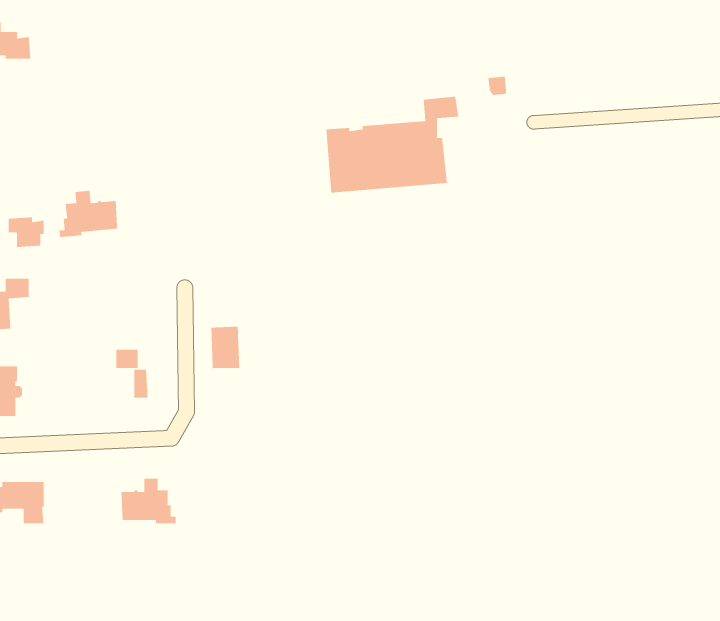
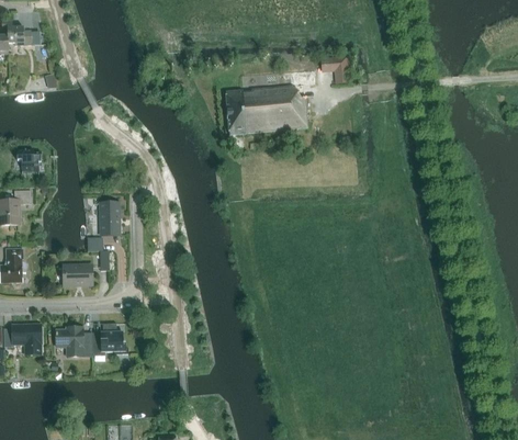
building: [59,190,118,238] -> none
building: [201,326,240,375] -> [93,202,120,235]
building: none -> [63,264,92,285]
building: none -> [56,327,92,357]

